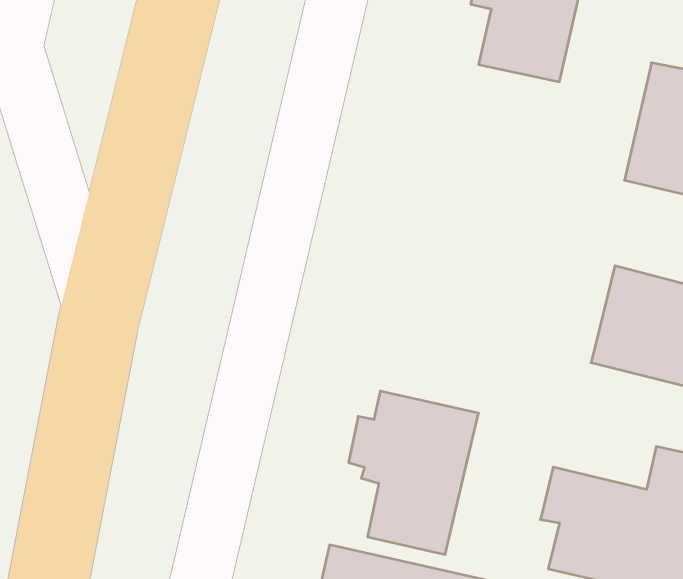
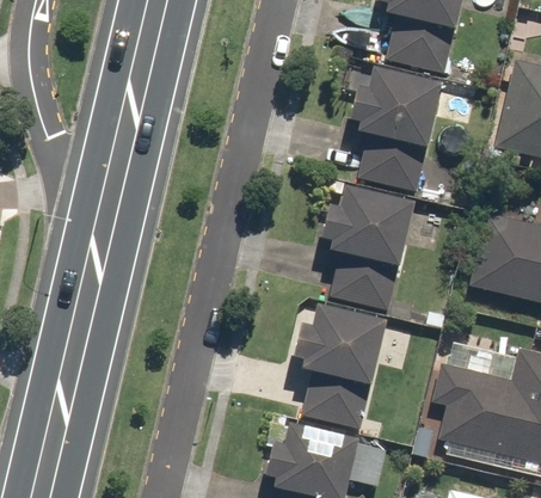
building: none -> [345,67,442,191]
building: none -> [315,186,413,309]

